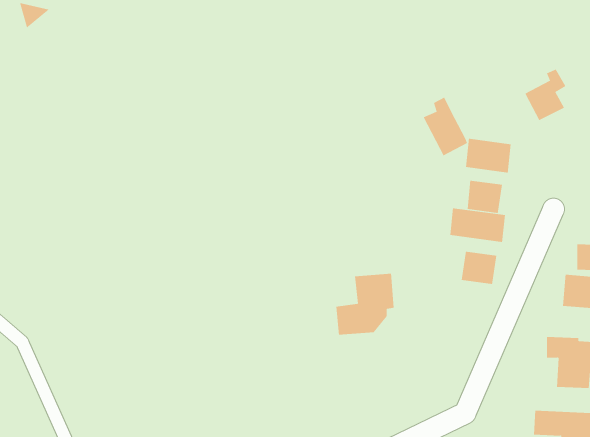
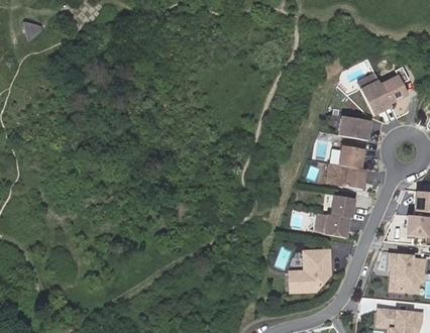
building: [423,97,468,156] -> [355,77,387,118]
building: [335,273,395,335] -> [294,253,335,297]
building: none -> [317,215,350,239]

